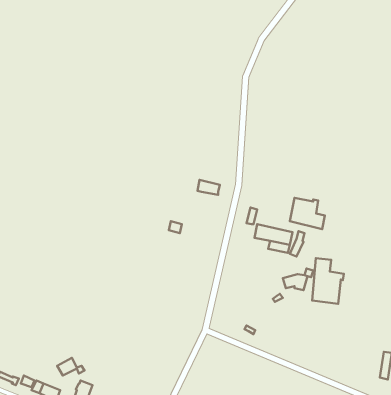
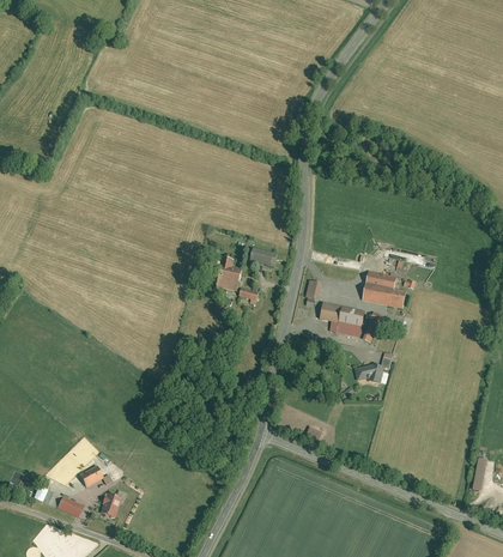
building: none -> [214,258,241,292]
building: [312,258,344,304] -> none

